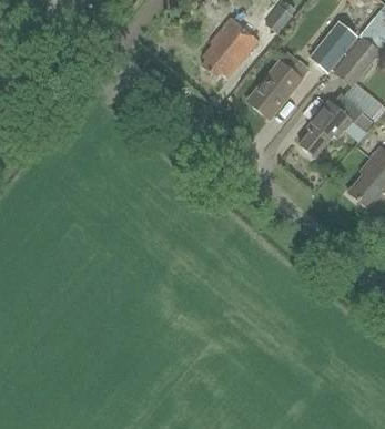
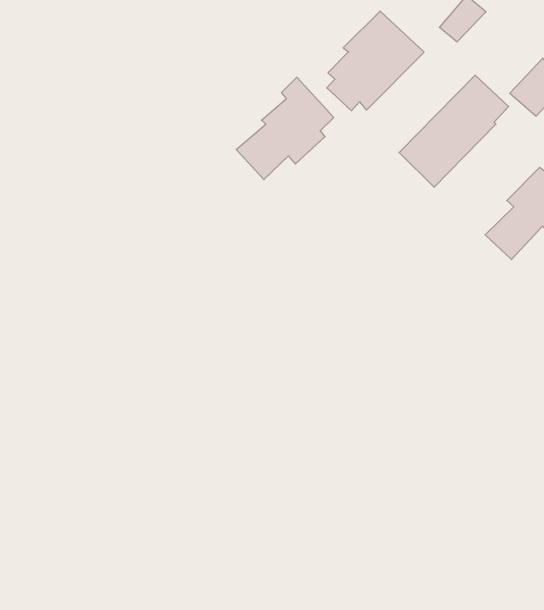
building: none -> [236,77,334,180]

